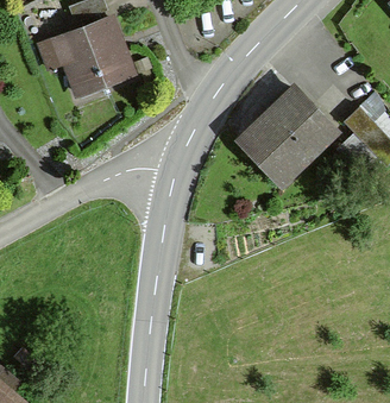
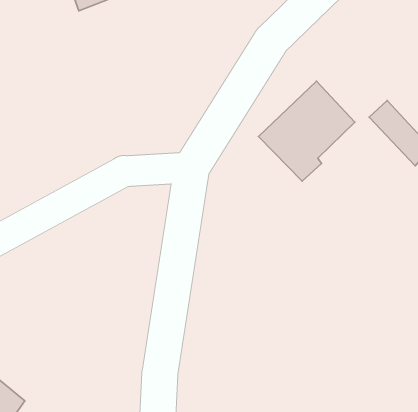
building: [56,18,131,93] -> none

